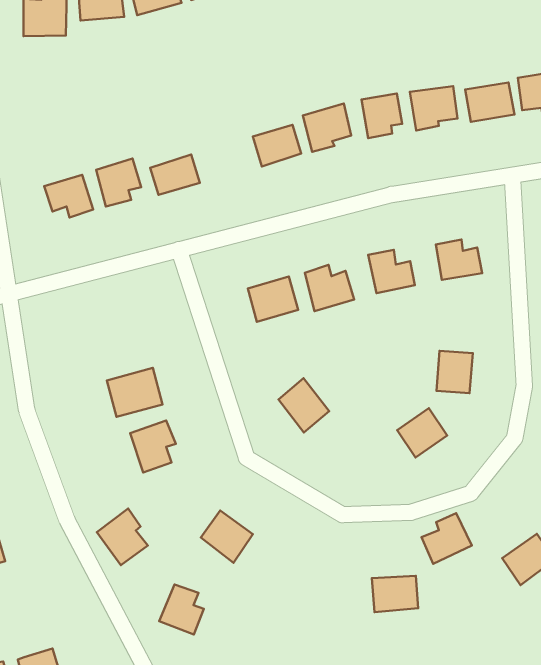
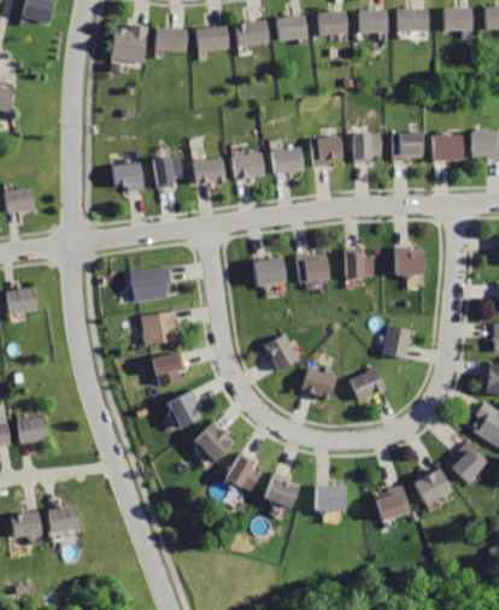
building: none -> [231,153,265,181]
building: none -> [130,264,172,300]
building: none -> [300,368,336,398]
building: [97,508,148,565] -> [168,389,204,430]
building: [422,513,472,564] -> [376,485,412,520]
building: none -> [264,473,301,510]
building: [159,585,204,635] -> [227,453,260,492]

